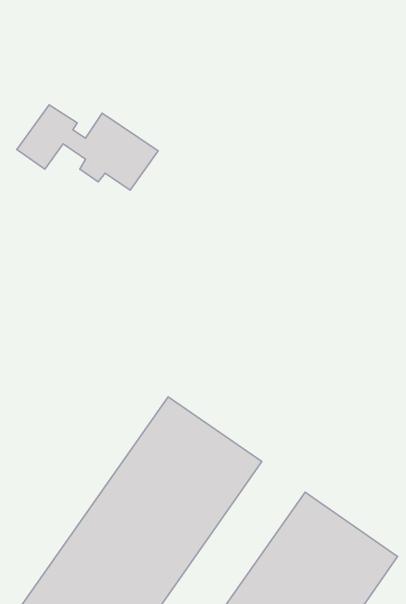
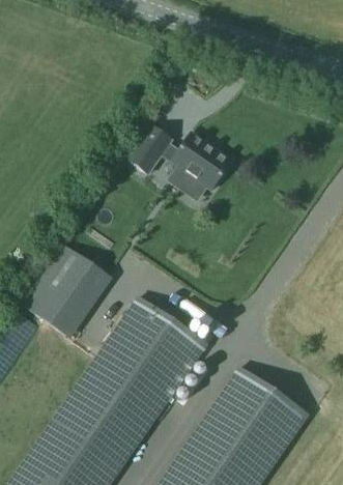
building: [17,105,158,190] -> [127,127,232,191]
building: none -> [25,249,108,337]

